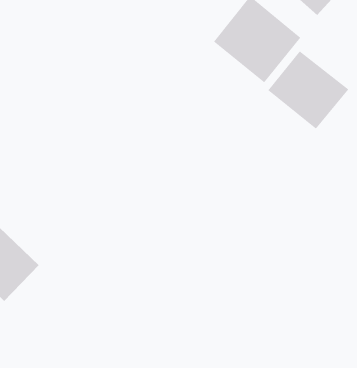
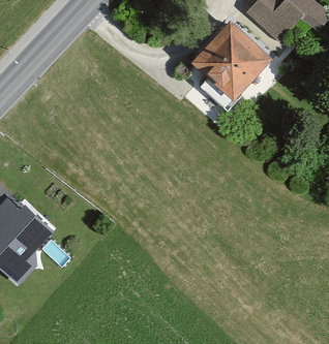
building: [267,50,349,130] -> none

